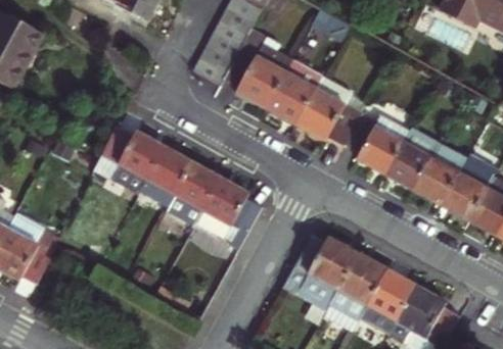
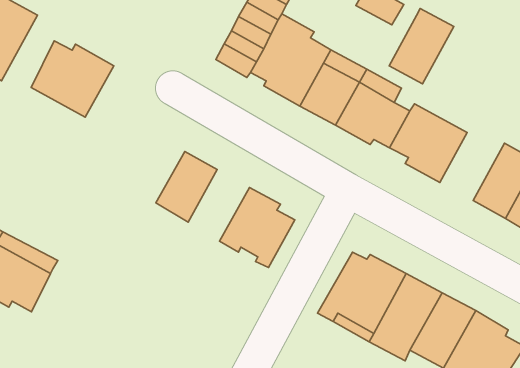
building: [385,126,441,190] -> [389,8,454,84]
building: [97,127,168,192] -> [31,41,114,117]
building: [170,163,223,225] -> none

